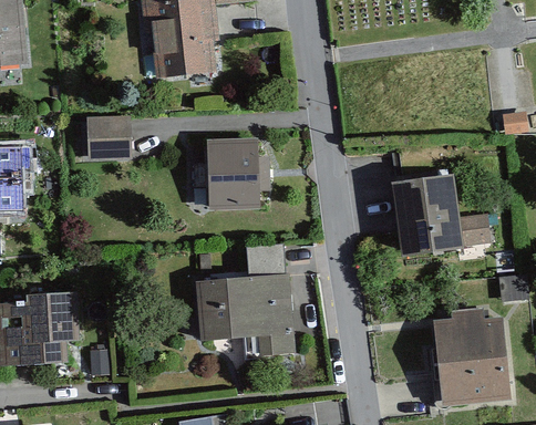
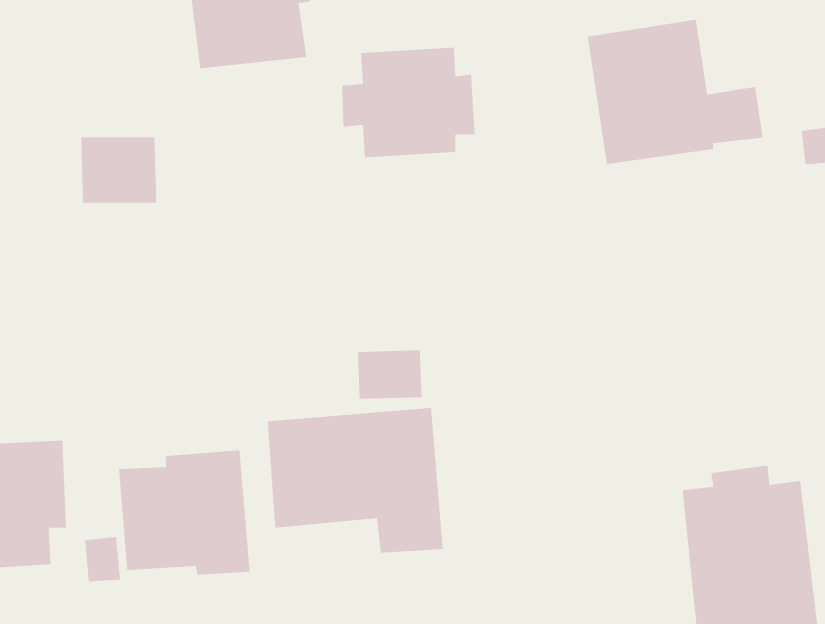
building: [195,144,272,208] -> [341,47,476,158]
building: [389,173,491,257] -> [587,19,764,165]
building: none -> [118,450,250,575]

